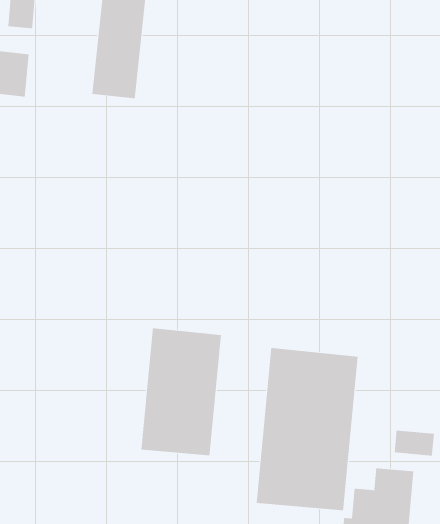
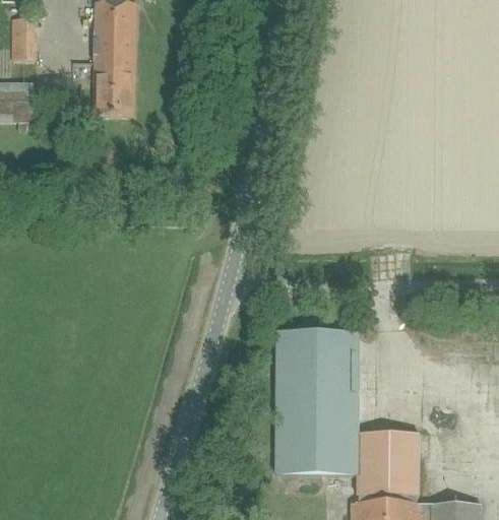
building: [141,327,221,456] -> none
building: [394,430,434,456] -> none

